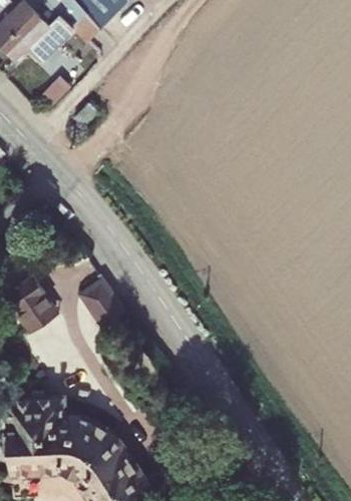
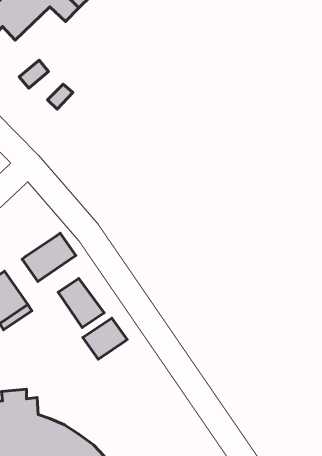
building: none -> [22,233,76,281]
building: none -> [83,318,127,359]

